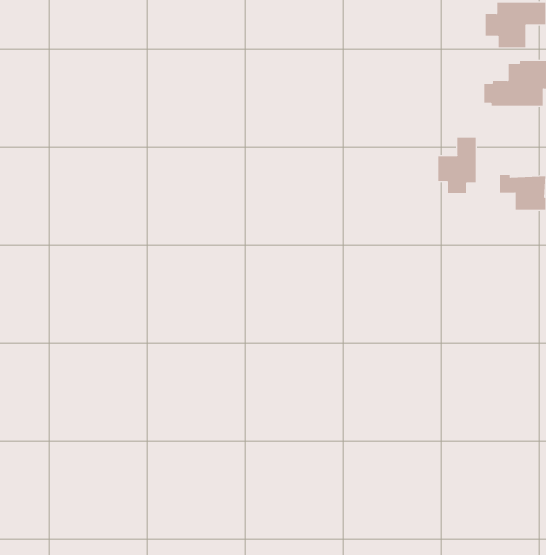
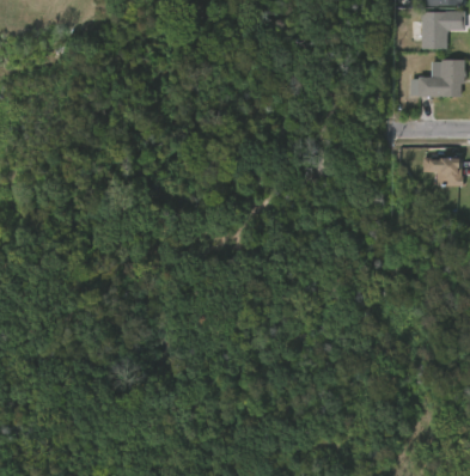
building: [438,137,476,194] -> none

